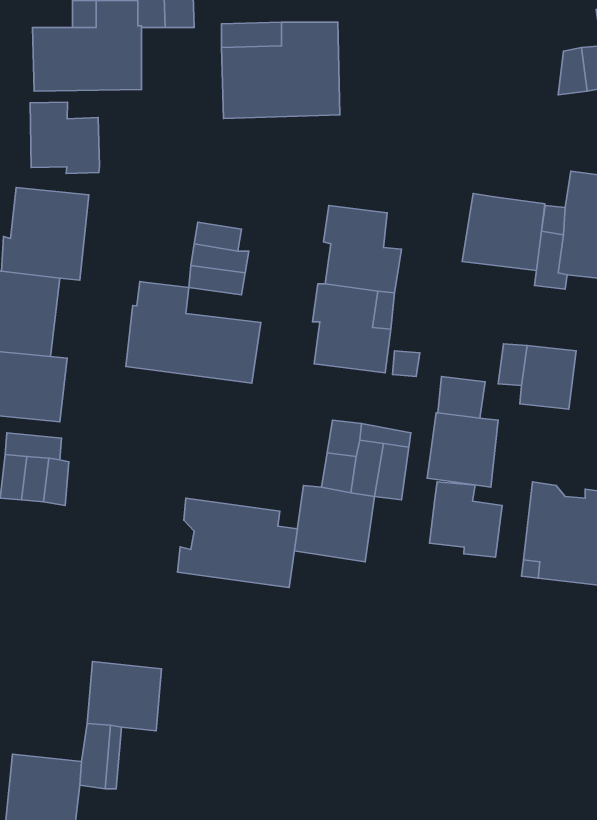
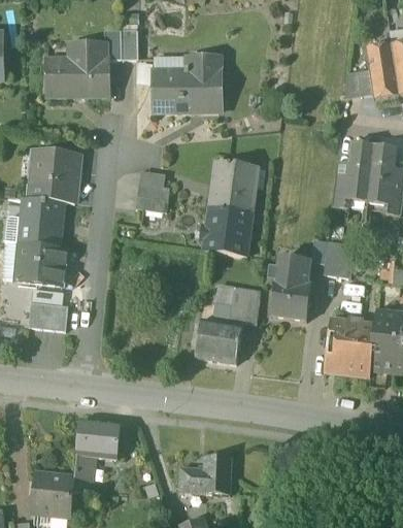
building: [30,102,99,173] -> none
building: [462,194,545,270] -> none
building: [126,282,261,383] -> none
building: [430,482,502,557] -> none
building: [177,498,297,588] -> none
building: none -> [178,456,232,494]

